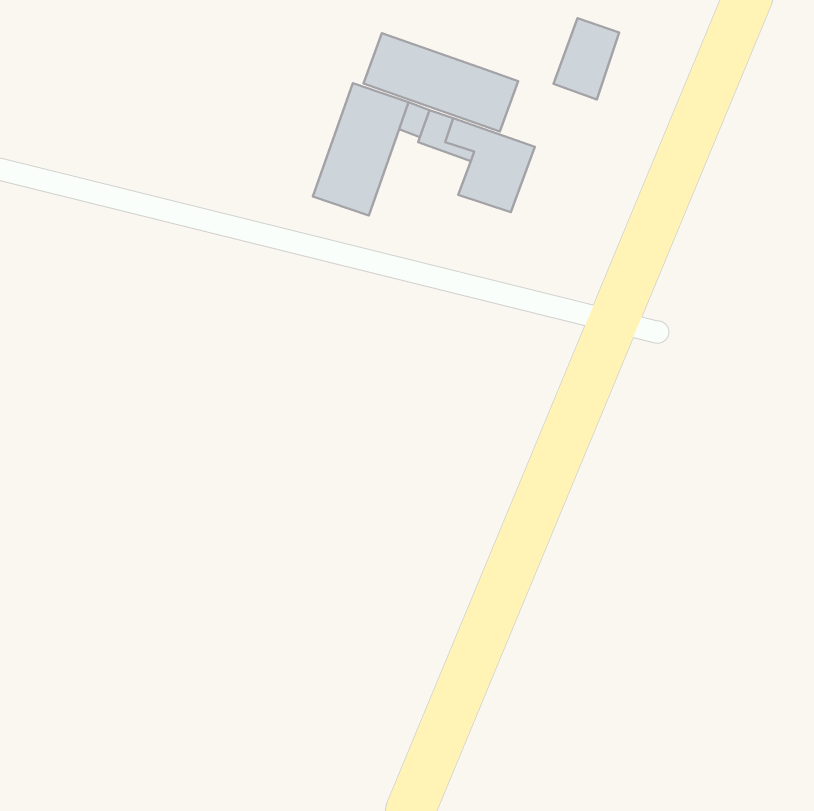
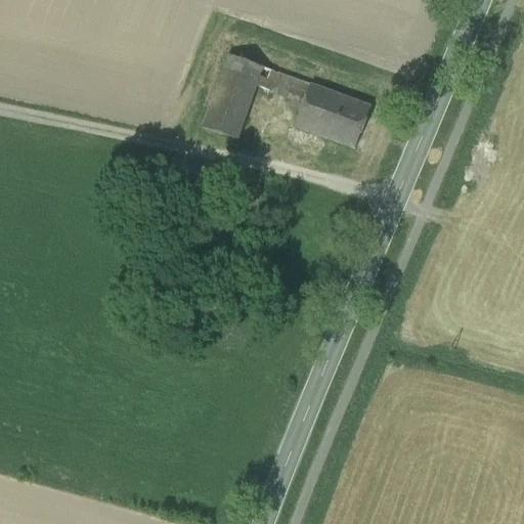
building: [554,18,619,100] -> [329,94,370,146]
building: [363,33,518,132] -> none

